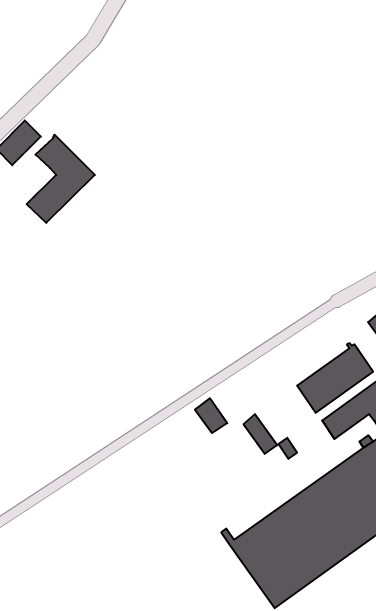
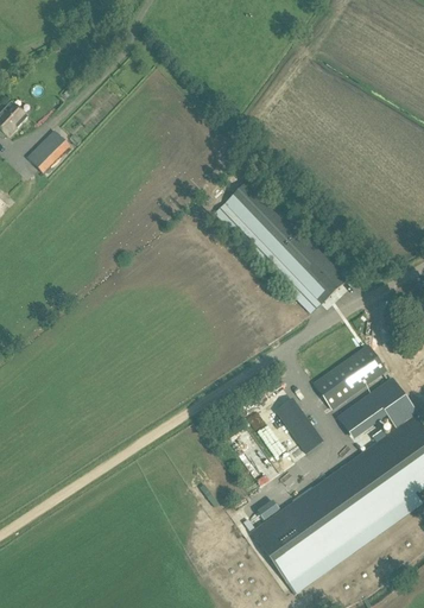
building: [27,135,95,223] -> none
building: none -> [224,179,346,304]
building: [195,398,227,433] -> [276,395,306,429]

